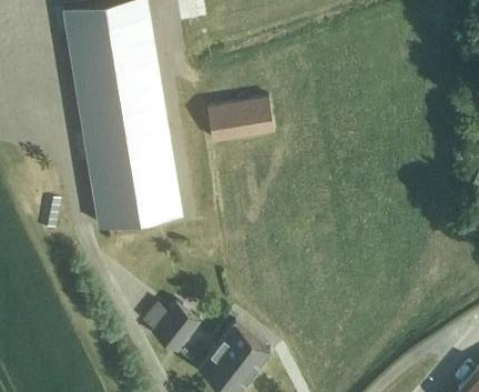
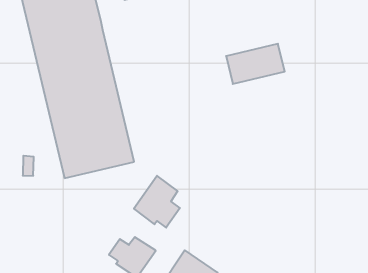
building: [207,100,275,143] -> [226,44,285,84]
building: none -> [134,176,180,228]

